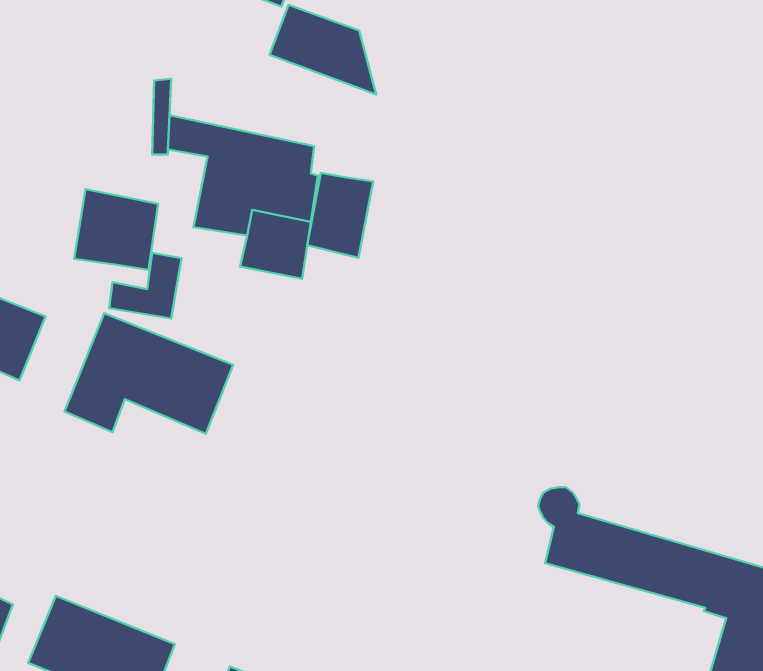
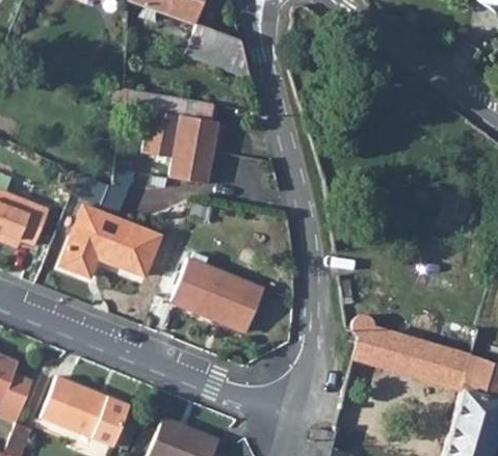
building: [307,173,373,258] -> none
building: [74,189,158,270] -> none
building: none -> [172,260,264,332]

